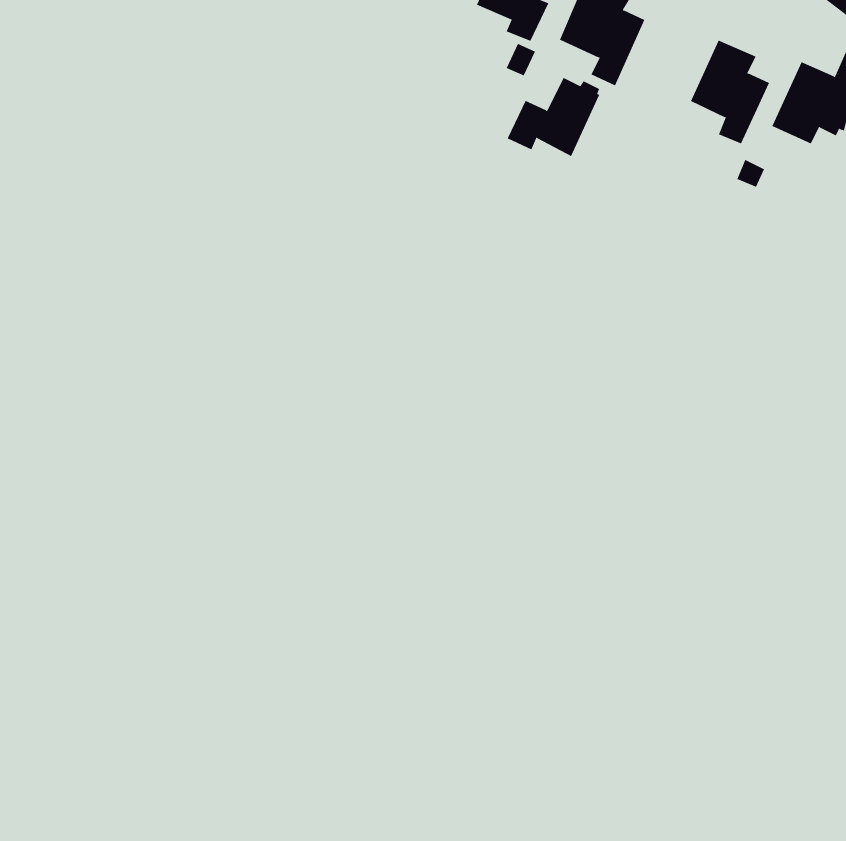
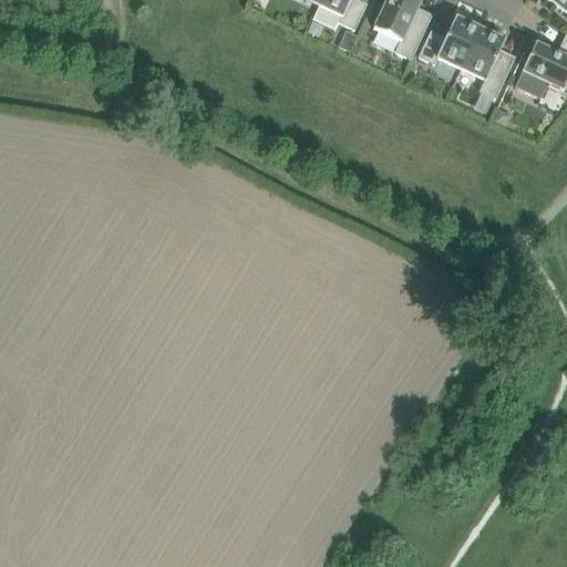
building: [507,77,600,157] -> [419,14,481,68]

